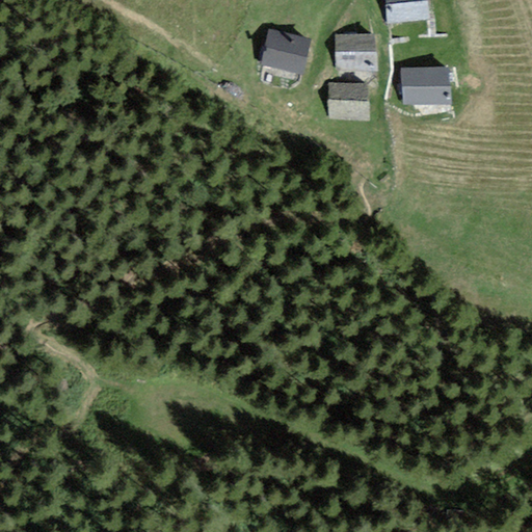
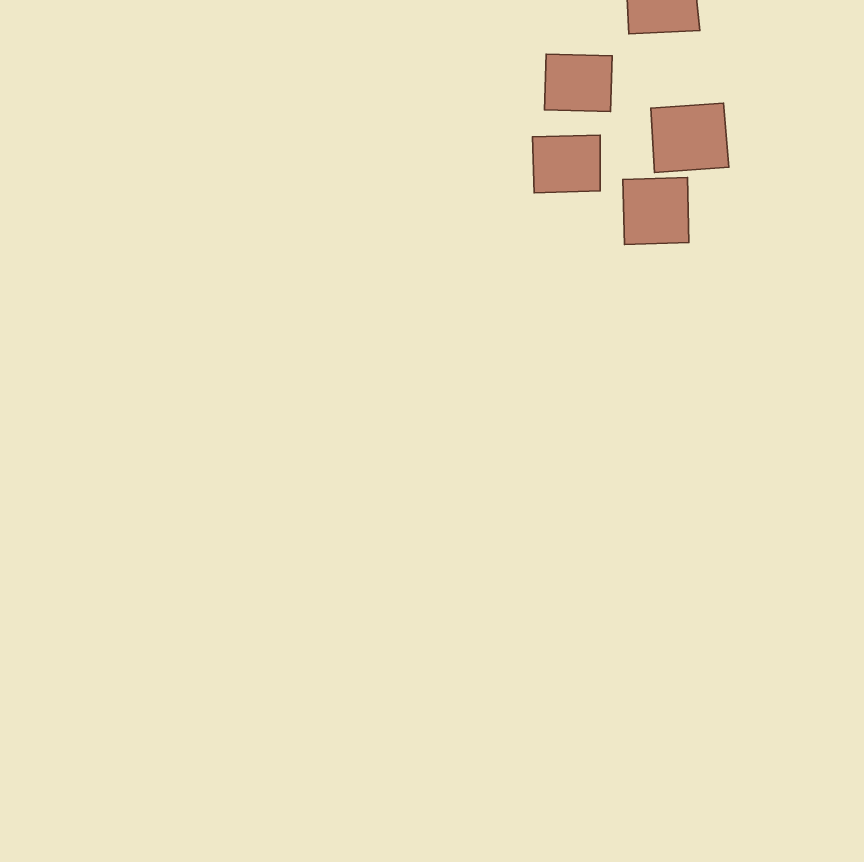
building: [264,29,309,72] -> none
building: none -> [623,178,689,244]

